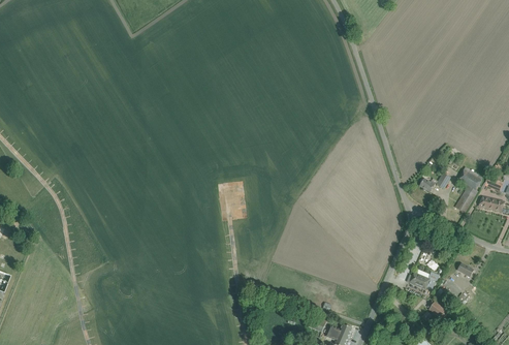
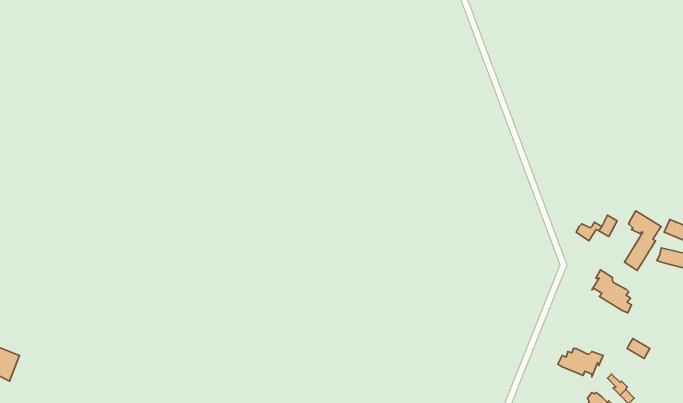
building: none -> [592,270,631,313]

